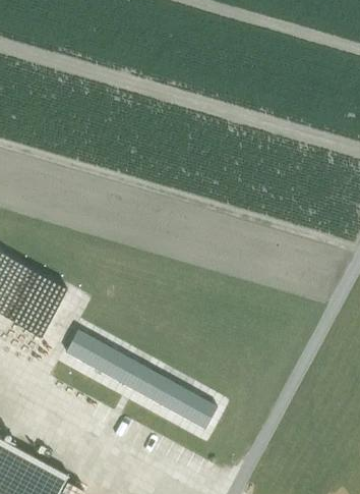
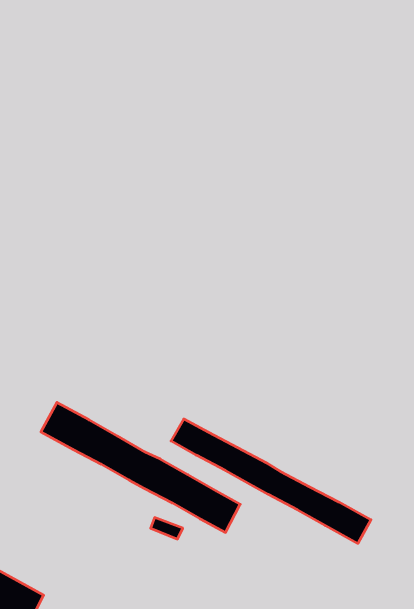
building: none -> [171,419,371,543]

